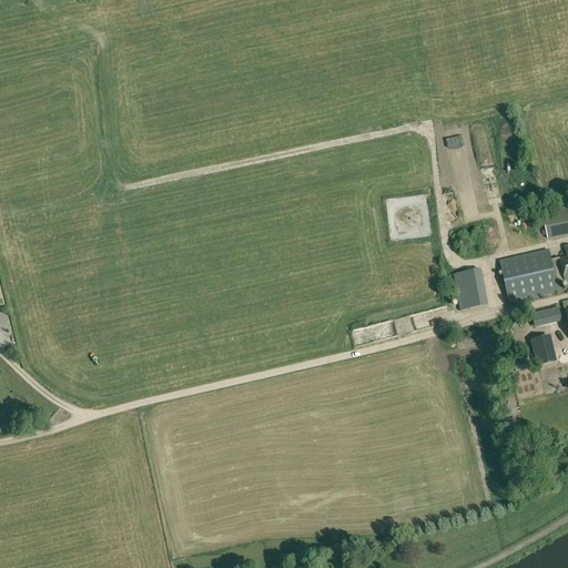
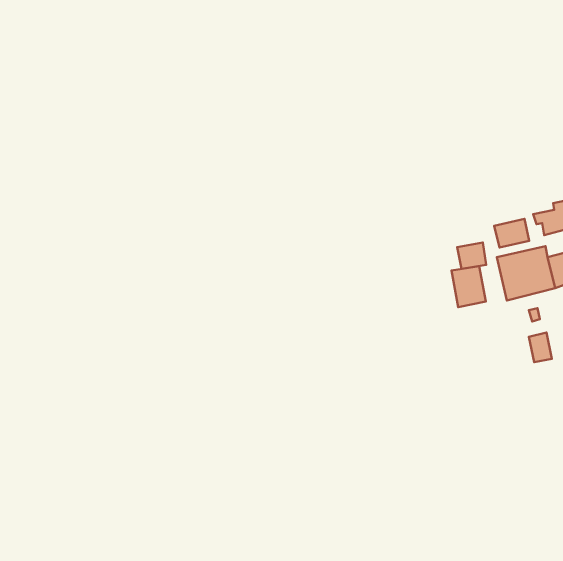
building: none -> [494,219,529,248]
building: none -> [457,242,486,269]

